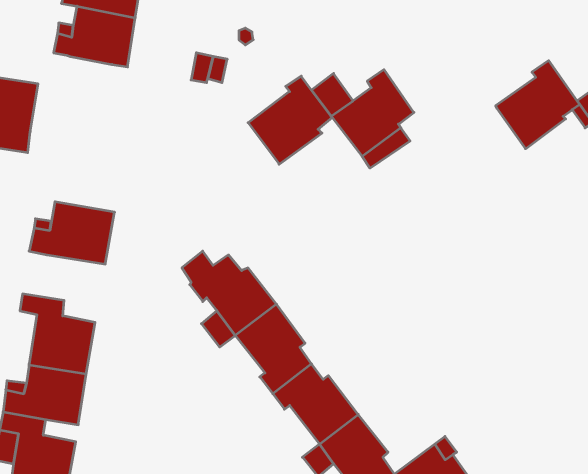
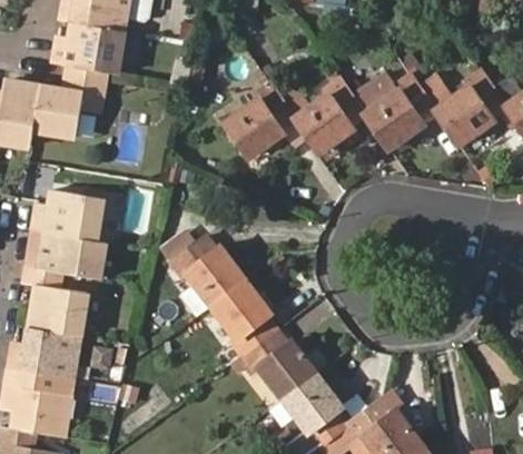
building: none -> [33,65,103,135]
building: none -> [363,71,434,148]
building: none -> [27,231,106,280]

